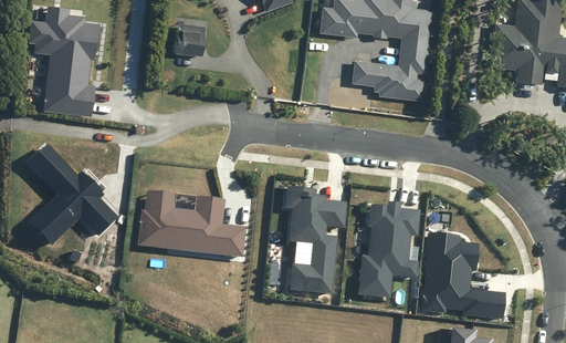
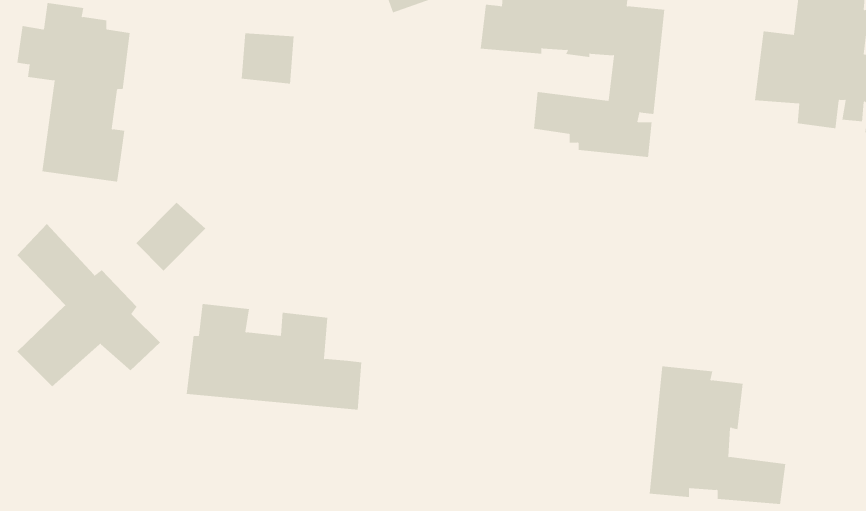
building: none -> [135,202,206,271]
building: [287,186,348,292] -> none
building: [359,201,422,298] -> none

